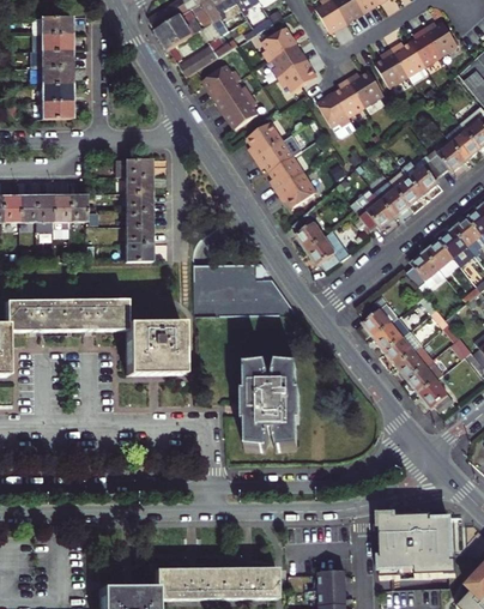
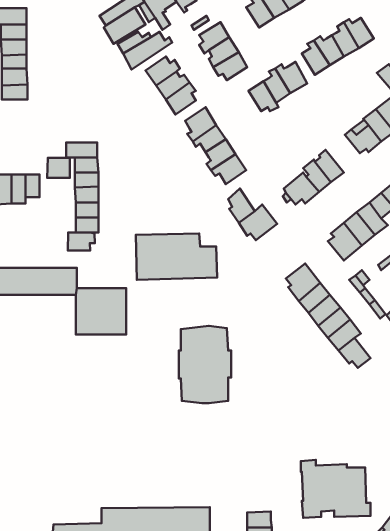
building: [404,155,443,194] -> none
building: none -> [47,158,70,178]
building: none -> [68,233,95,251]

